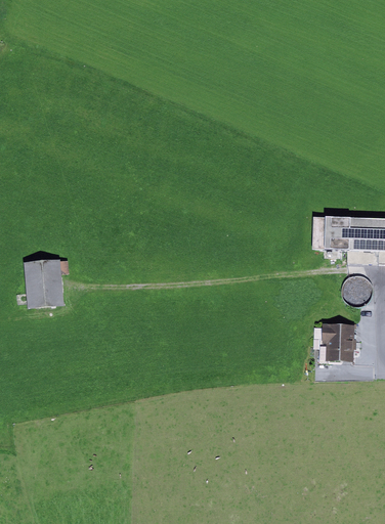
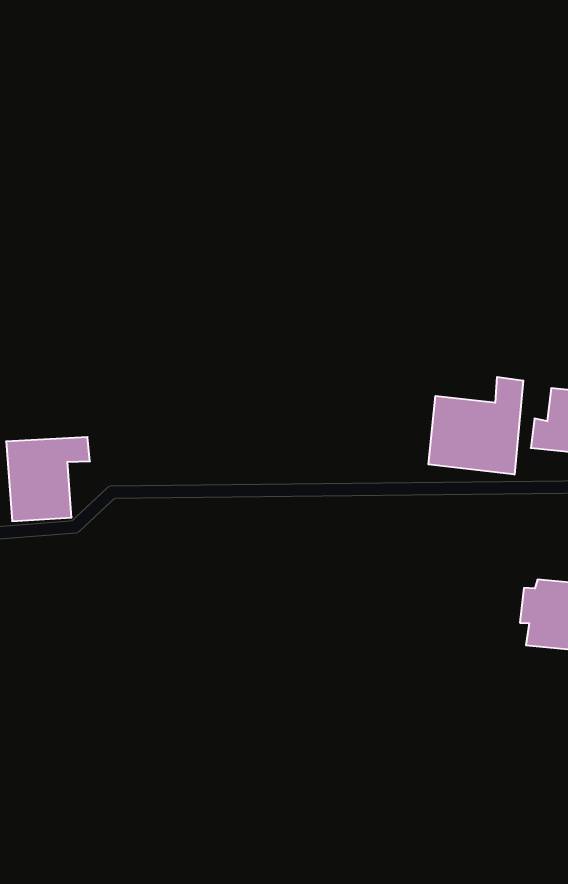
building: none -> [428,377,523,475]

